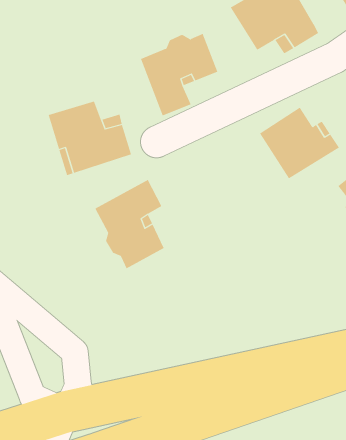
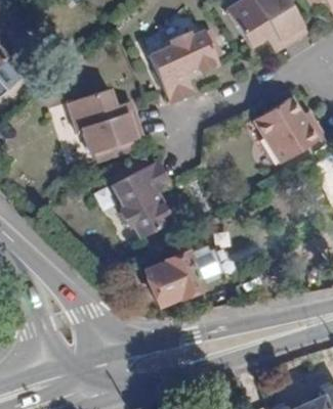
building: none -> [149,248,216,303]

